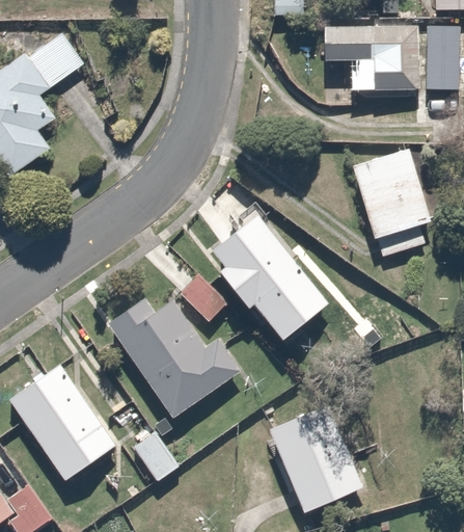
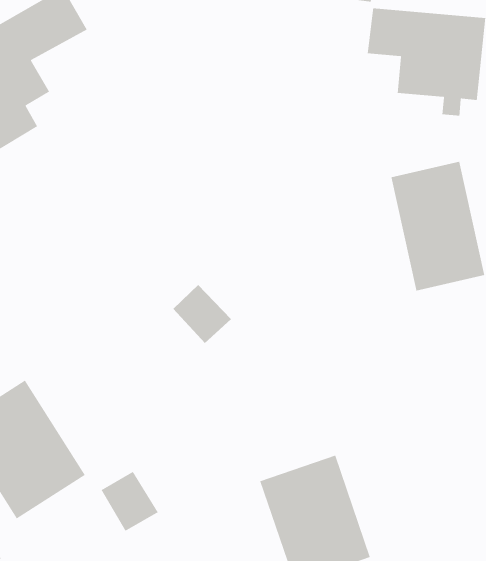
building: [212,215,328,340] -> none
building: [104,292,244,419] -> none

